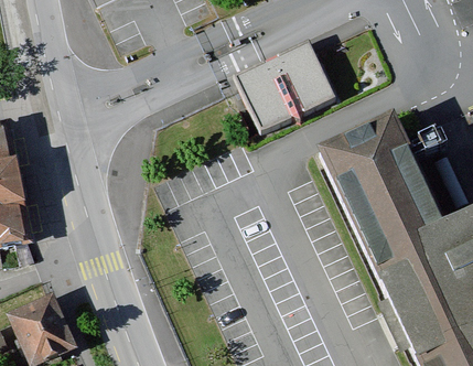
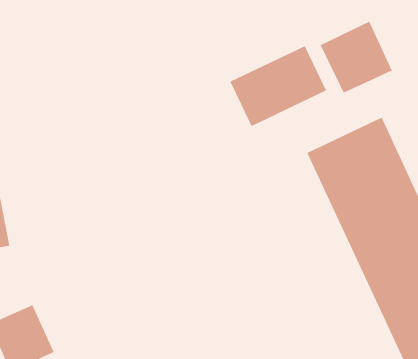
building: none -> [320,21,392,94]

